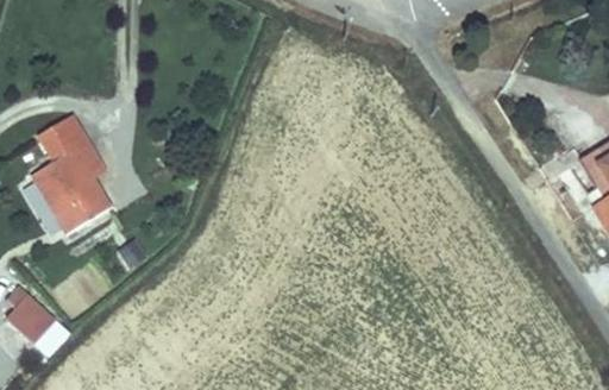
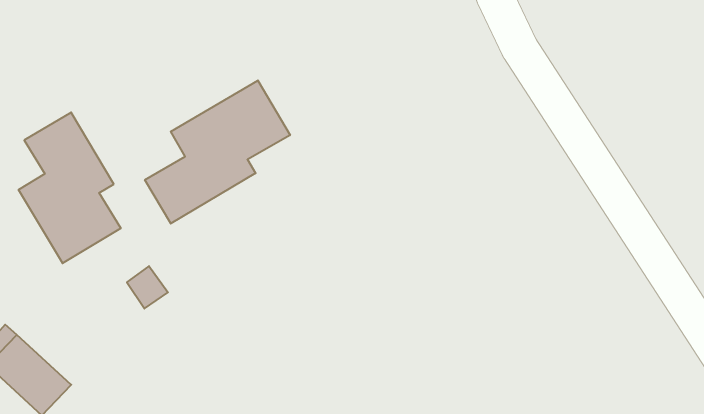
building: none -> [145,80,290,224]

